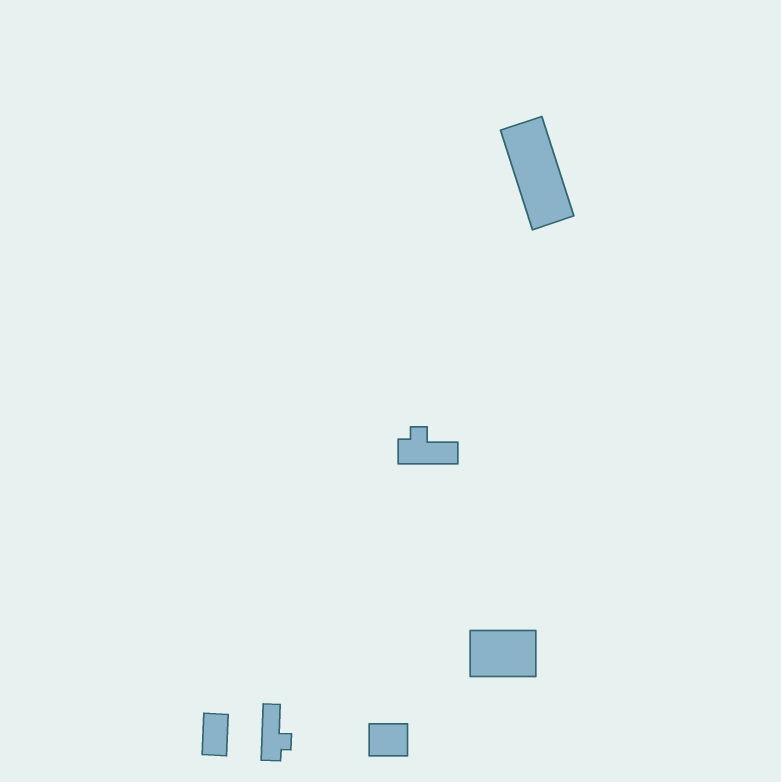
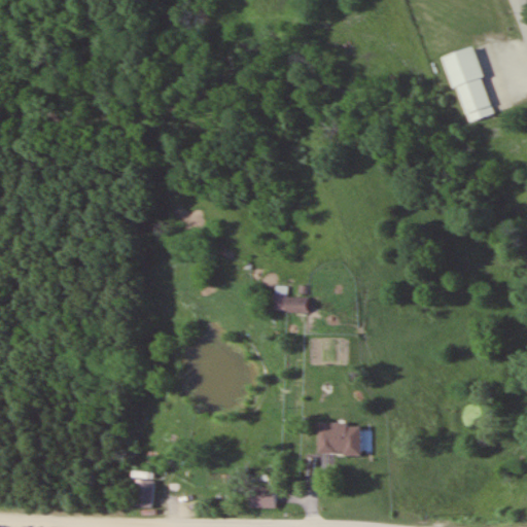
building: [500,116,574,230] -> [445,46,494,122]
building: [261,704,291,761] -> none

